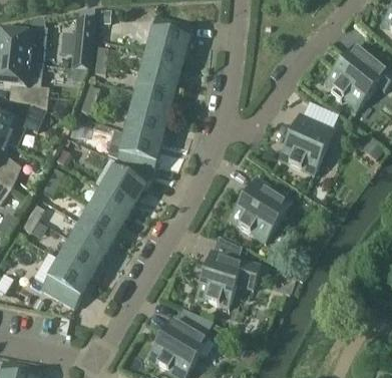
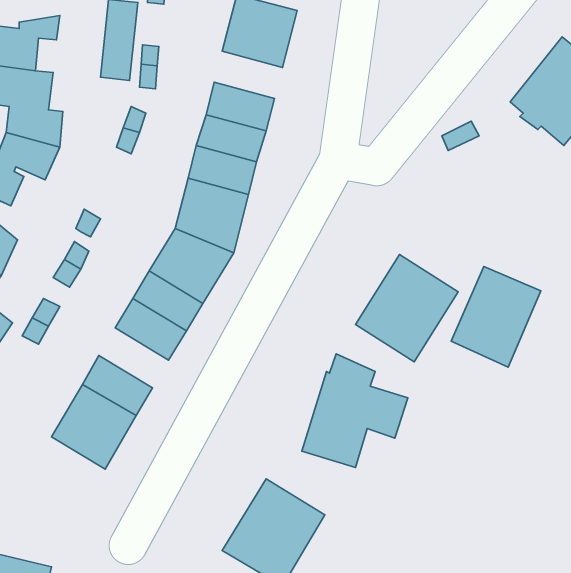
building: [140,50,182,79] -> none
building: [278,112,333,174] -> [451,266,541,367]
building: [69,221,112,258] -> none

